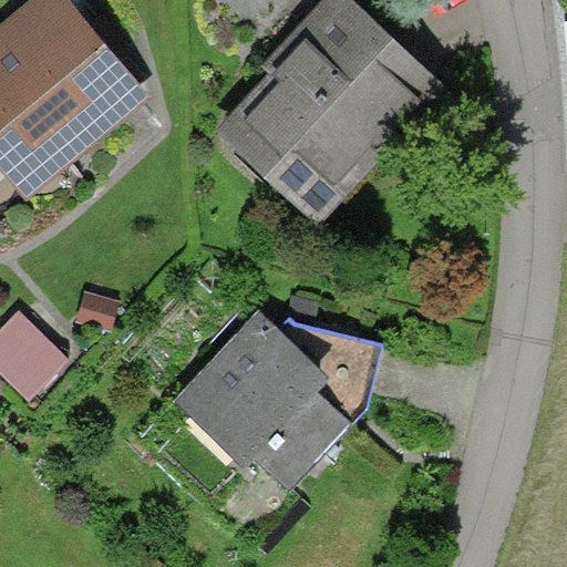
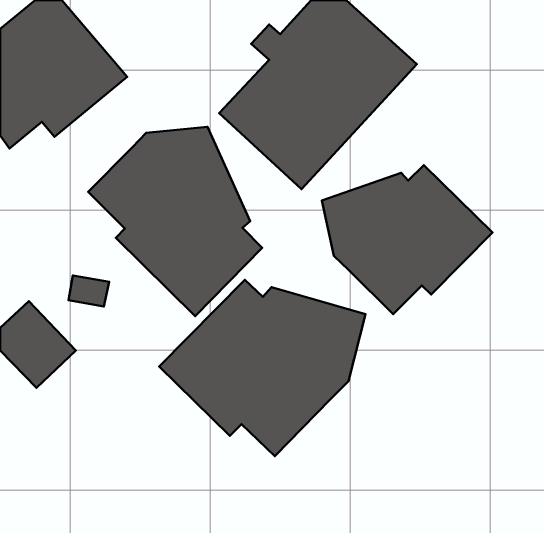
building: none -> [88,127,262,316]
building: none -> [322,165,492,314]

